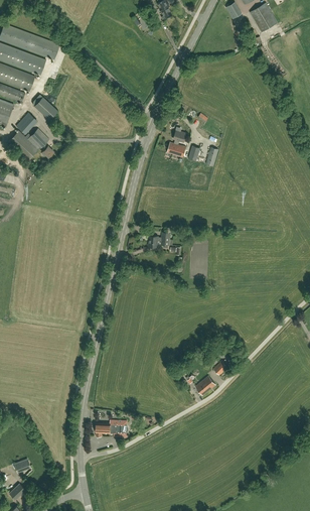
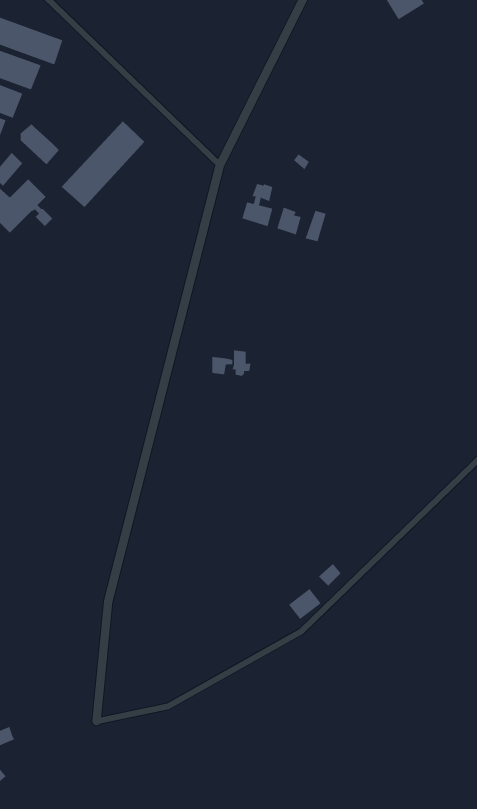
building: none -> [61,120,145,208]
building: [96,420,128,436] -> none

